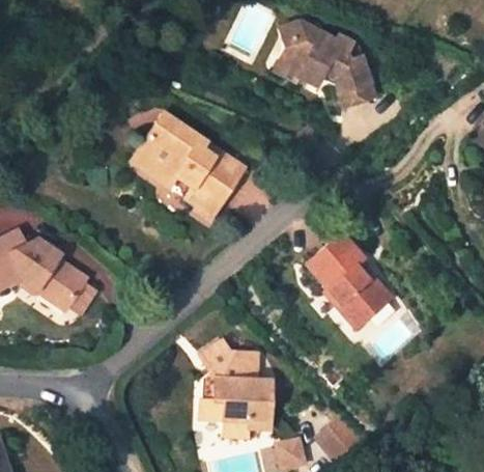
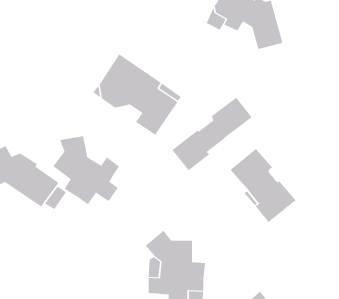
building: none -> [171,97,252,171]
building: none -> [52,135,120,205]

